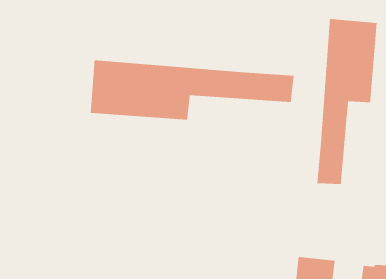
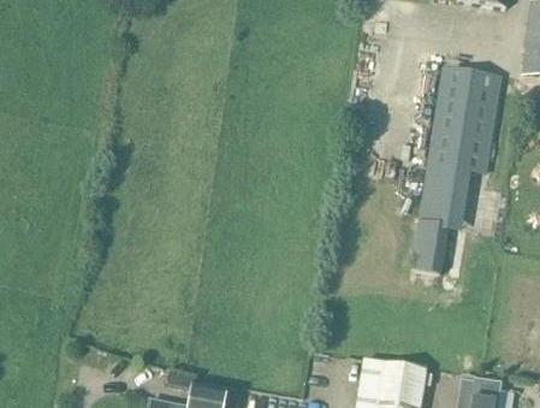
building: [90,59,294,121] -> none

